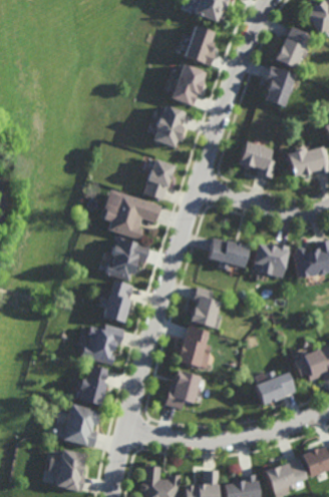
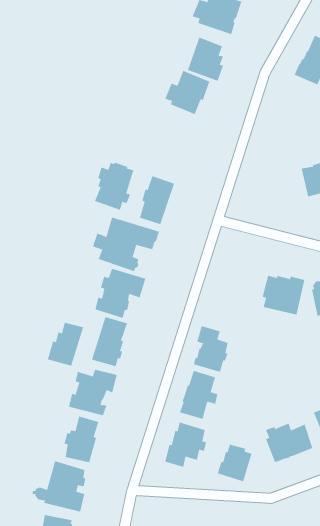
building: [263,69,293,102] -> none
building: [150,101,186,143] -> [94,162,134,210]
building: [239,137,275,175] -> none
building: [209,235,251,269] -> none
building: none -> [47,322,84,367]
building: none -> [217,444,252,482]

